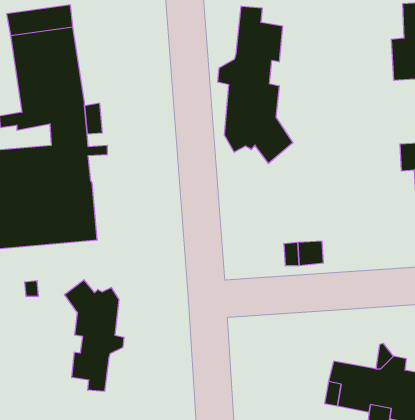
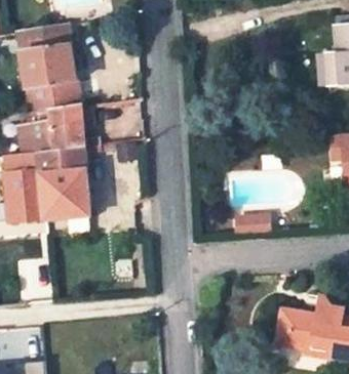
building: [218,6,293,164] -> none
building: [64,280,124,391] -> none

